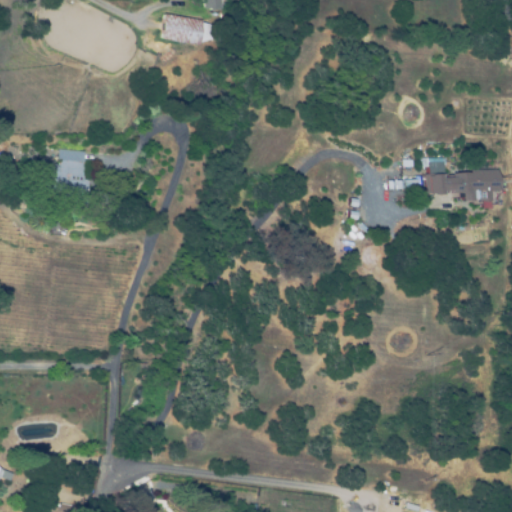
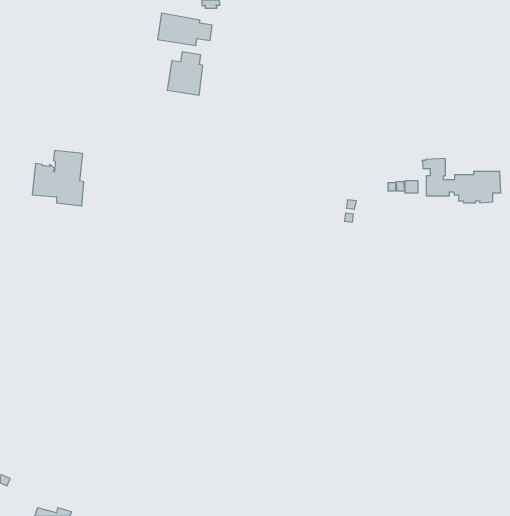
building: none -> [167,52,203,96]

